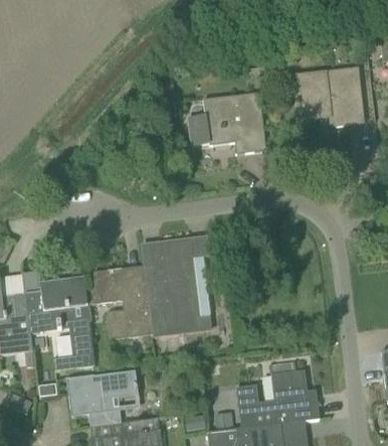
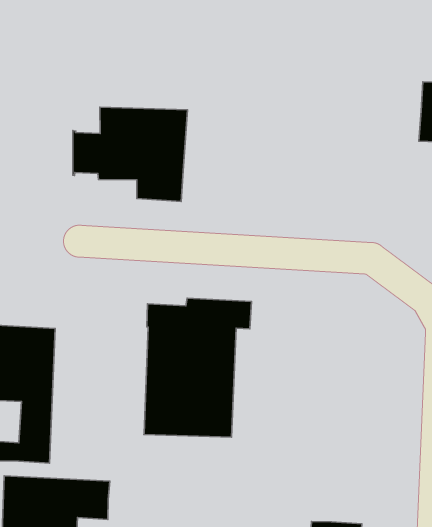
building: [187,90,265,153] -> [73,107,187,201]
building: [93,265,153,339] -> none

